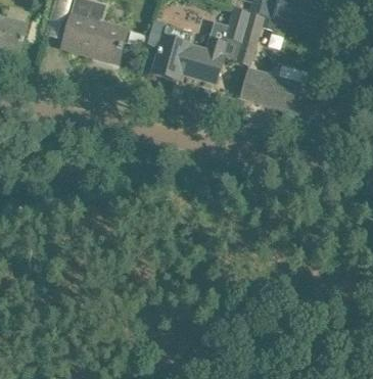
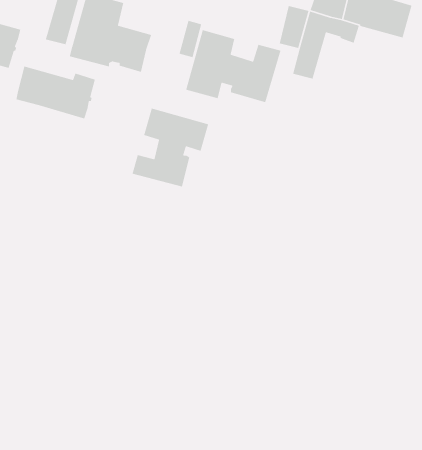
building: none -> [15,66,96,120]
building: [239,65,308,113] -> none
building: none -> [131,108,209,188]

